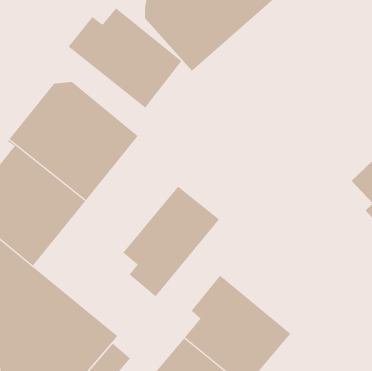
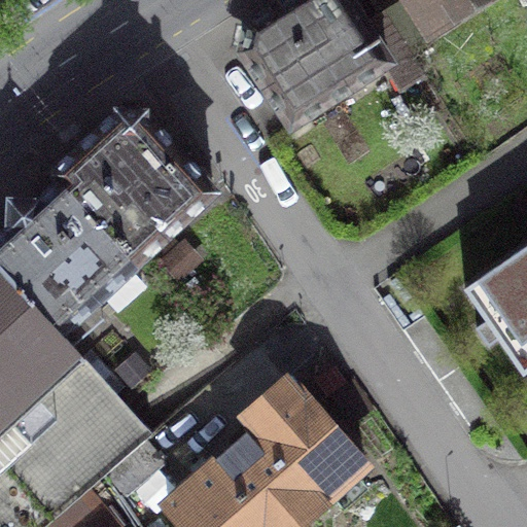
building: [68,8,182,108] -> none
building: [123,186,220,297] -> none

